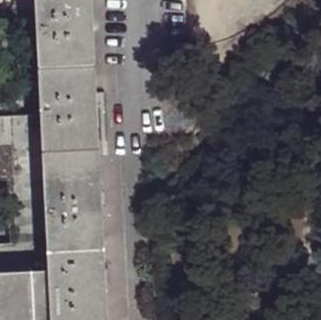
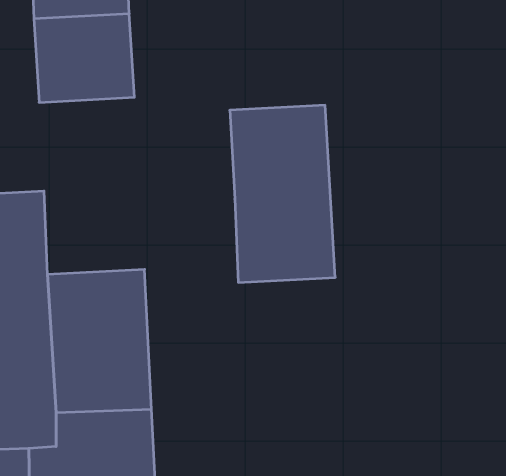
building: [37,66,100,171] -> [230,105,335,282]

